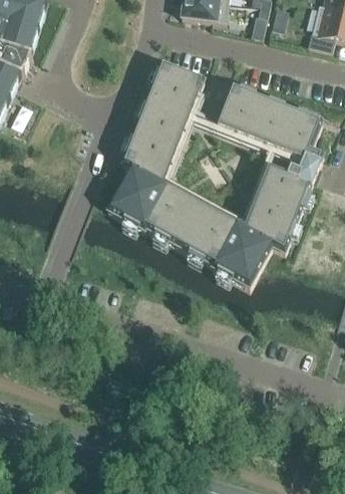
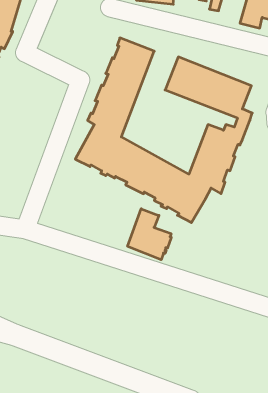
building: none -> [128,209,171,260]

